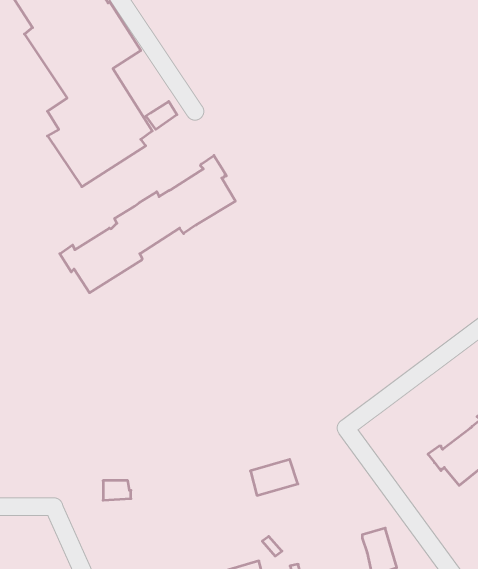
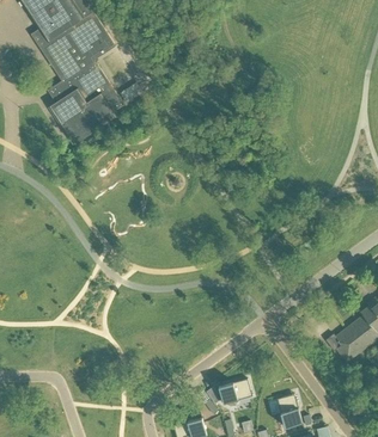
building: [60,155,235,293] -> none
building: [250,459,298,495] -> [218,378,252,405]

